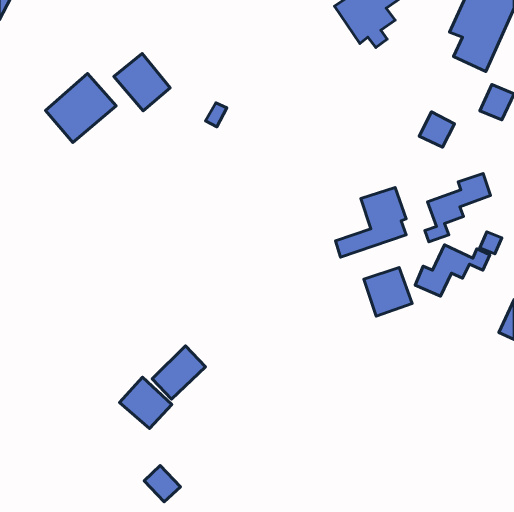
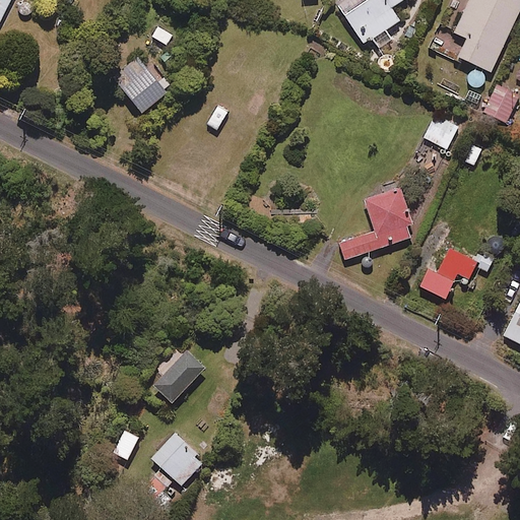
building: [46,74,116,143] -> none
building: [425,174,490,242] -> none
building: [364,267,412,316] -> none
building: [119,377,172,429] -> [152,433,205,484]

